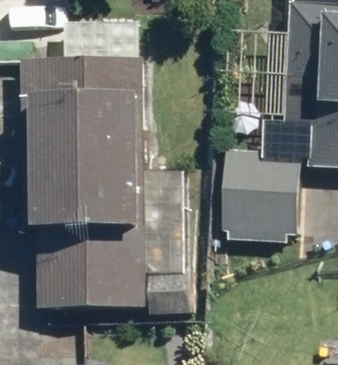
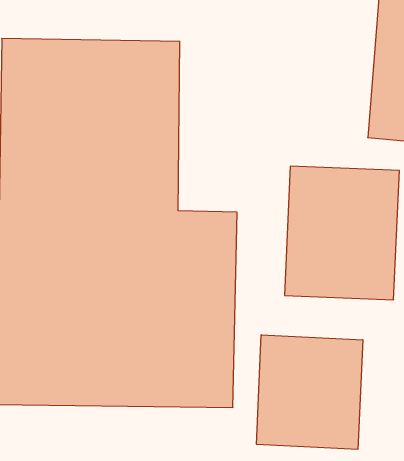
building: none -> [256,335,363,449]

